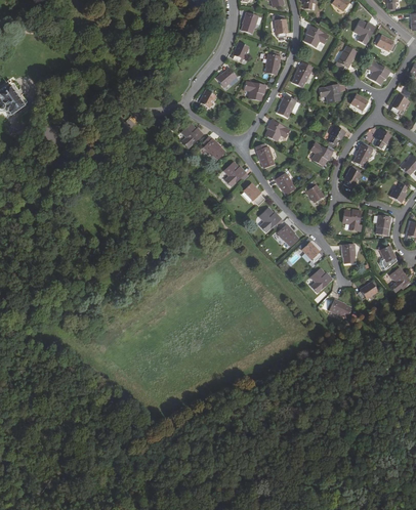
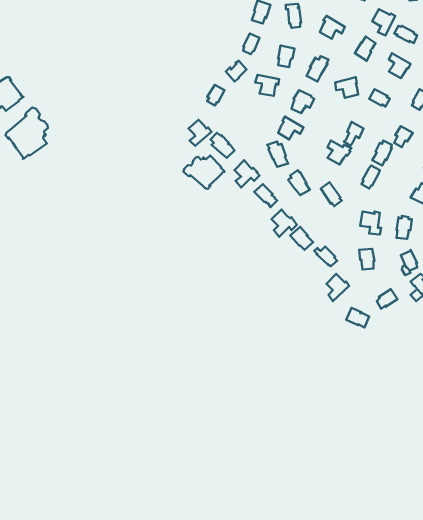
building: none -> [6,108,48,159]
building: none -> [184,155,225,189]

